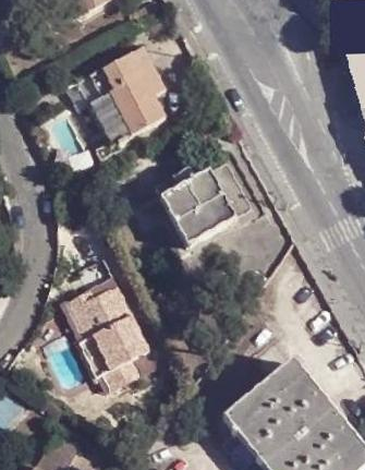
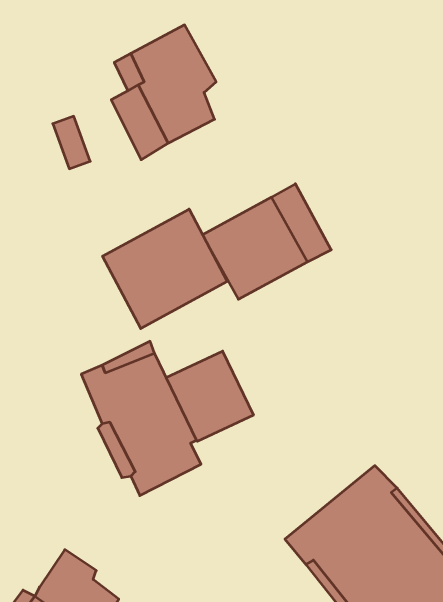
building: none -> [103,209,227,329]
building: none -> [166,351,253,441]

